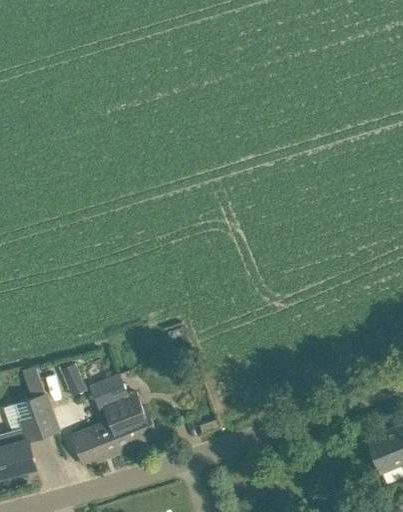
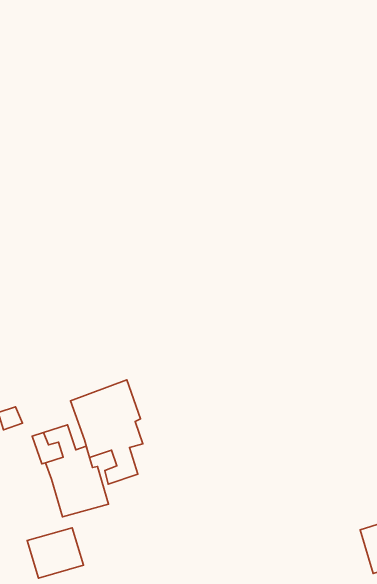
building: none -> [70,380,143,484]
building: [72,421,120,465] -> [27,528,83,578]

